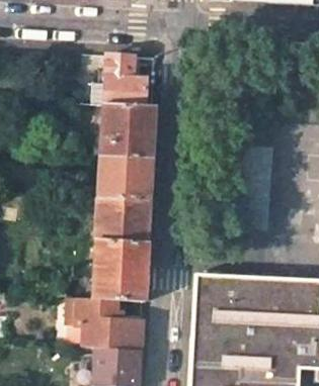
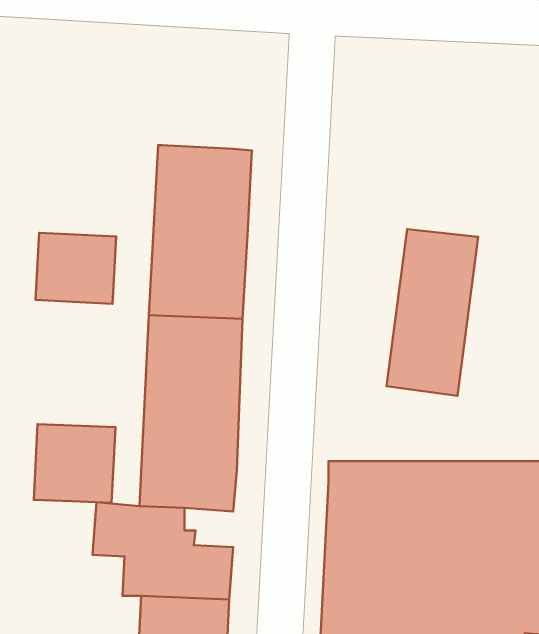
building: [105,56,146,106] -> none
building: none -> [35,233,116,304]
building: none -> [34,424,115,503]

